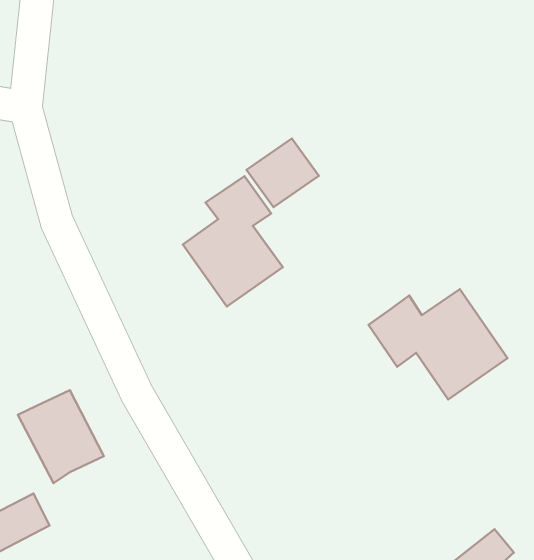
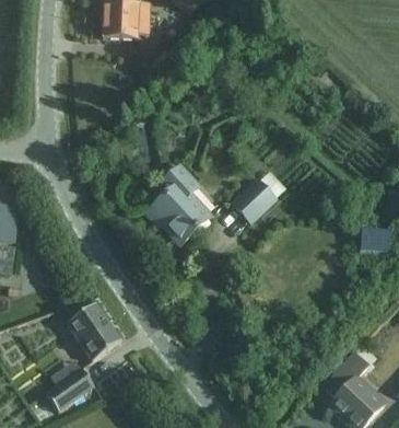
building: [247,139,319,207] -> [232,178,274,220]
building: [368,289,508,400] -> none

